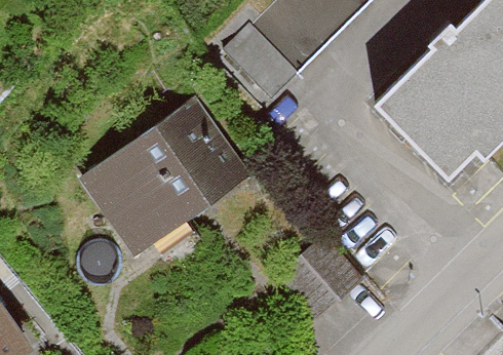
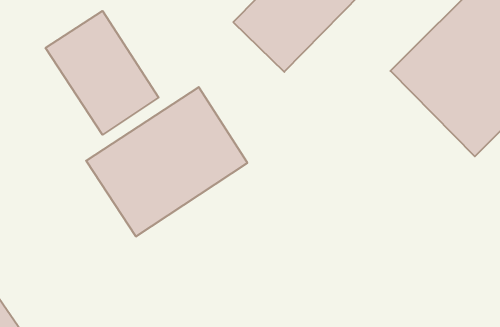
building: none -> [46,11,159,135]

